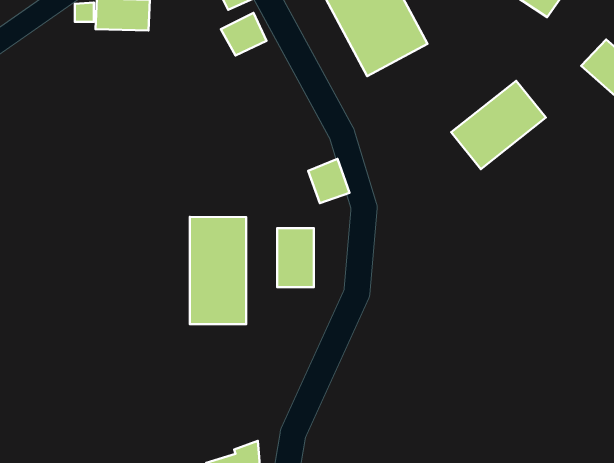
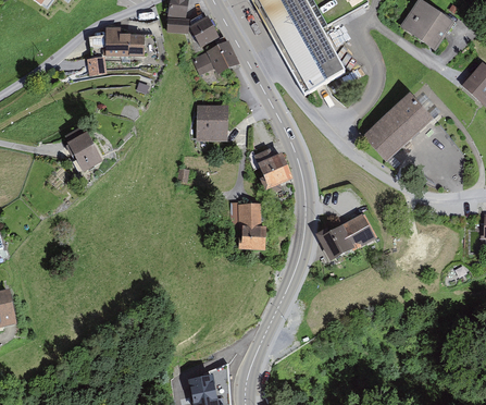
building: none -> [198,106,226,139]
building: none -> [68,126,107,167]
building: [190,217,246,324] -> none
building: none -> [319,213,375,260]

